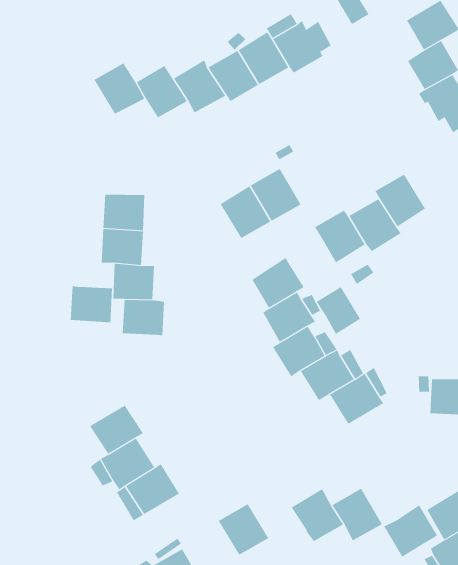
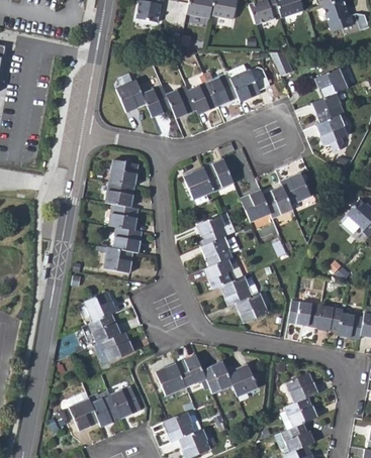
building: [70,286,113,323] -> [103,247,132,273]
building: [316,286,361,335] -> none
building: none -> [175,355,208,388]
building: [384,505,438,558] -> none

